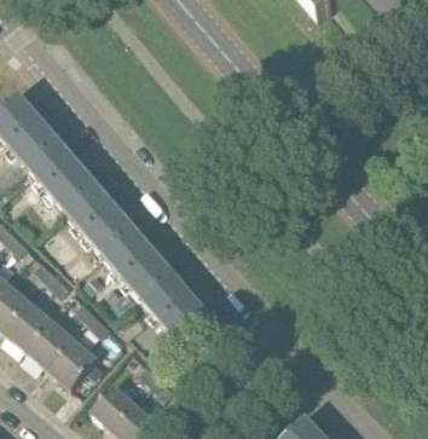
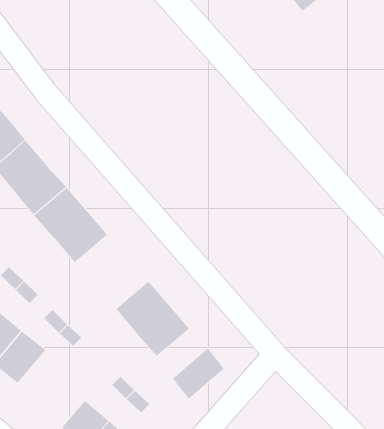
building: [104,231,174,301] -> none
building: none -> [172,348,224,400]
building: [51,340,99,391] -> none

